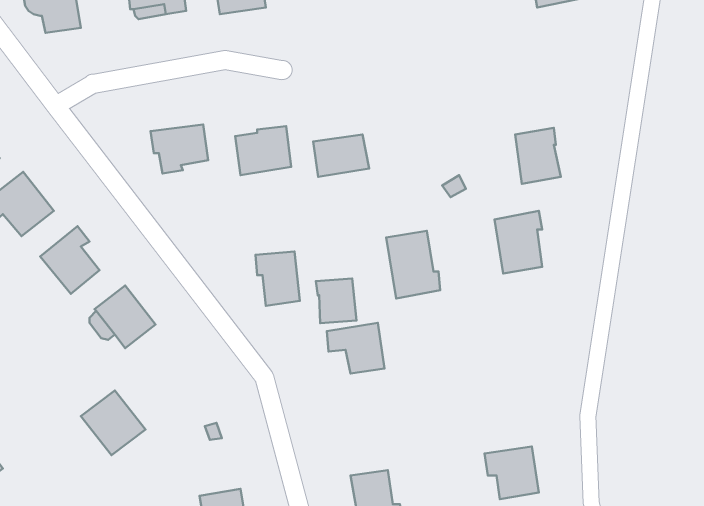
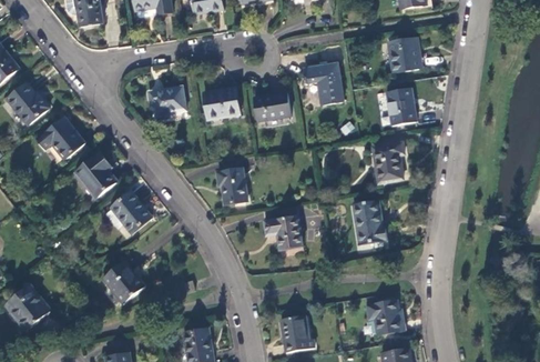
building: none -> [387,38,419,74]
building: none -> [303,64,343,105]
building: [386,231,440,299] -> [351,202,387,247]
building: [316,279,356,323] -> none

